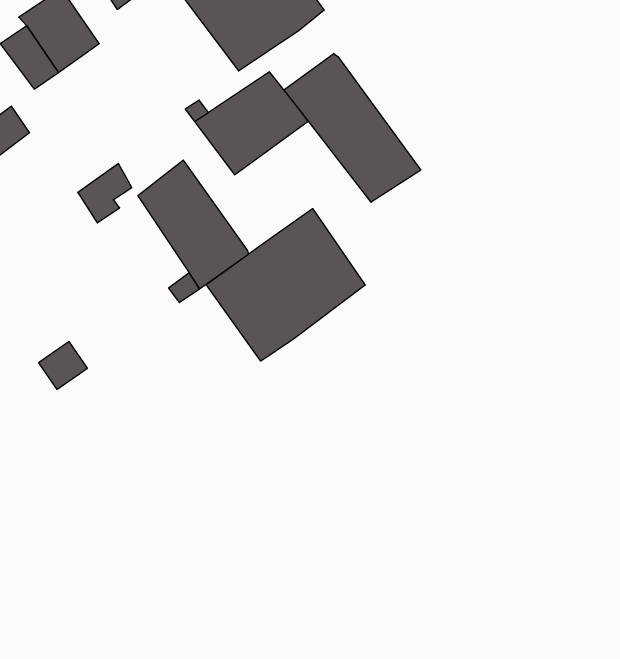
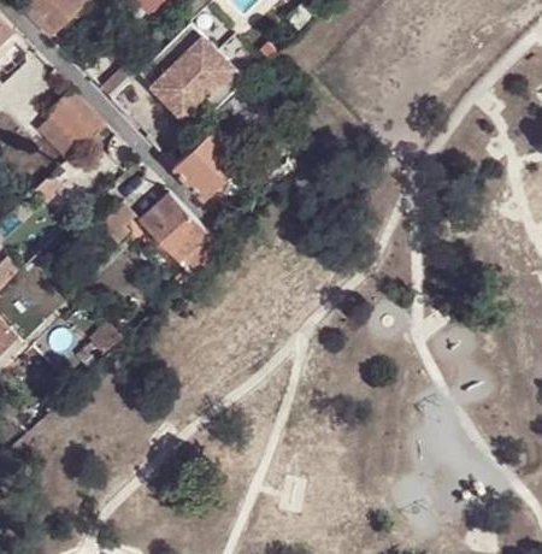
building: [284,53,421,202] -> none
building: [206,209,365,361] -> none

